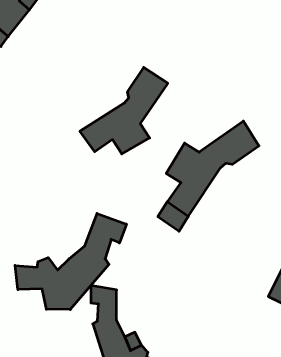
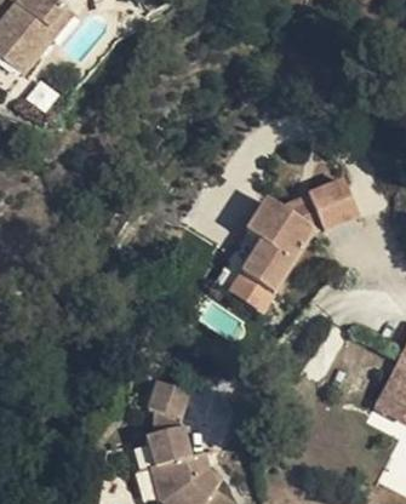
building: [80,67,168,154] -> none
building: [15,213,126,310] -> none

